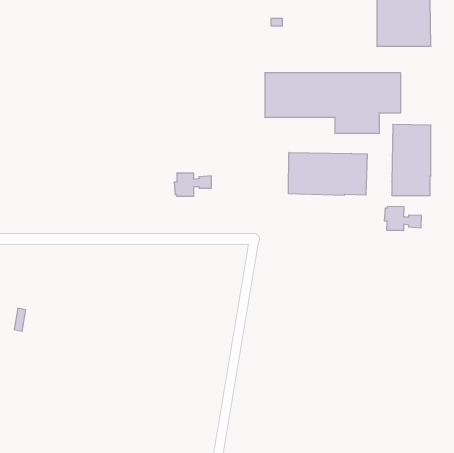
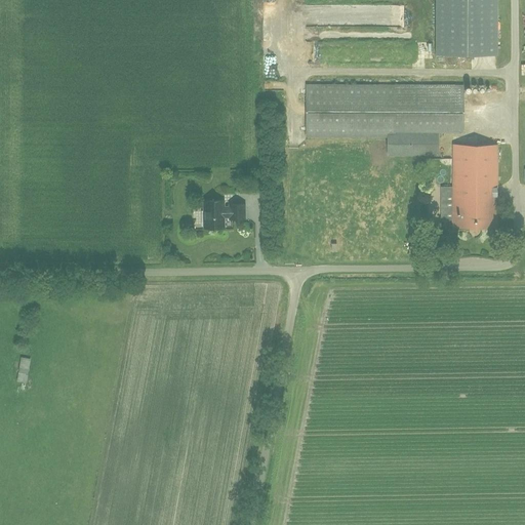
building: [289,152,367,195] -> none
building: [384,206,421,231] -> none

